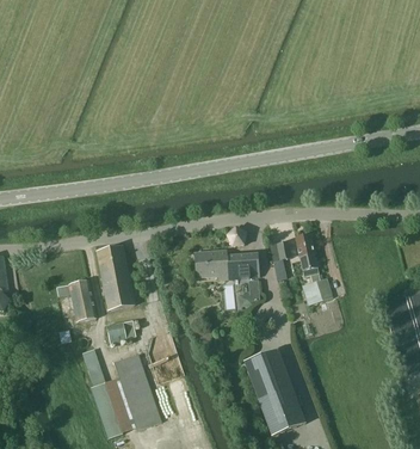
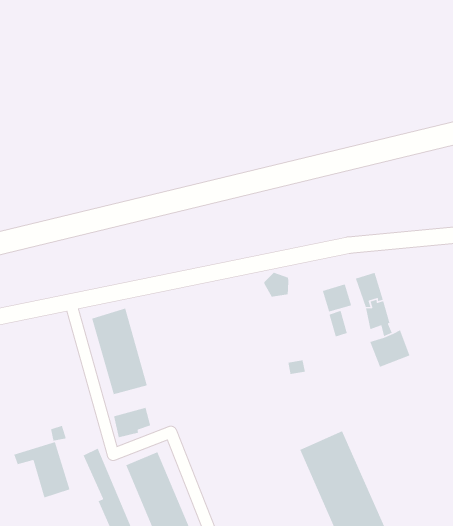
building: [194,250,259,279] -> none
building: [56,279,97,321] -> [13,441,70,498]

